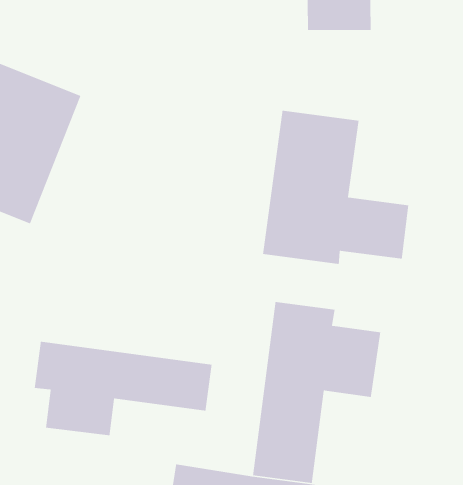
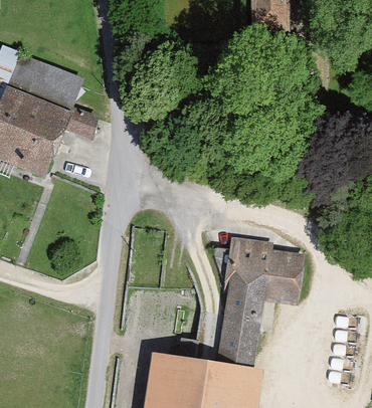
building: [262,110,409,265] -> none
building: [34,341,212,436] -> none

